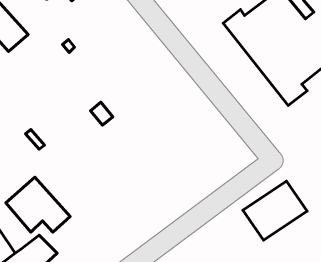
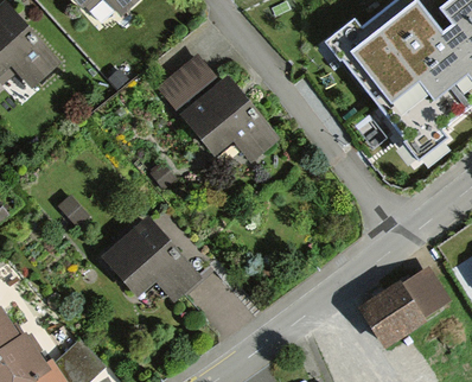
building: none -> [157,52,218,110]
building: none -> [180,74,283,163]
building: [6,177,70,232] -> [102,217,191,293]

